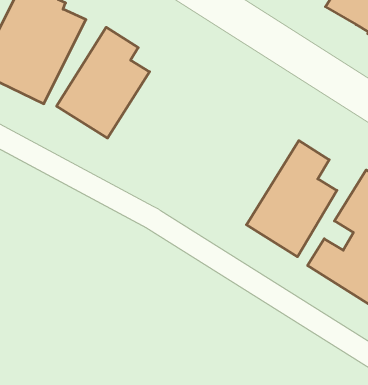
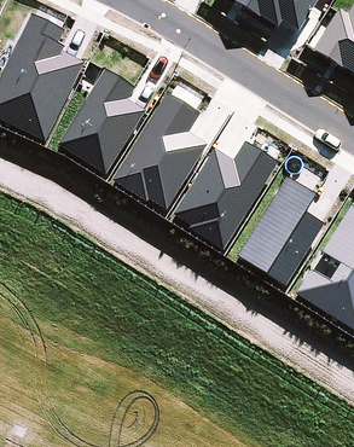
building: none -> [111,93,207,210]
building: none -> [173,143,278,250]

